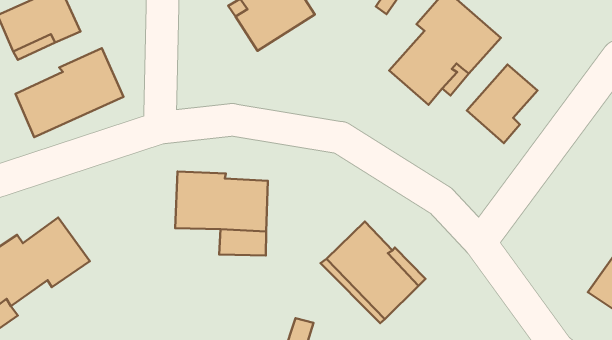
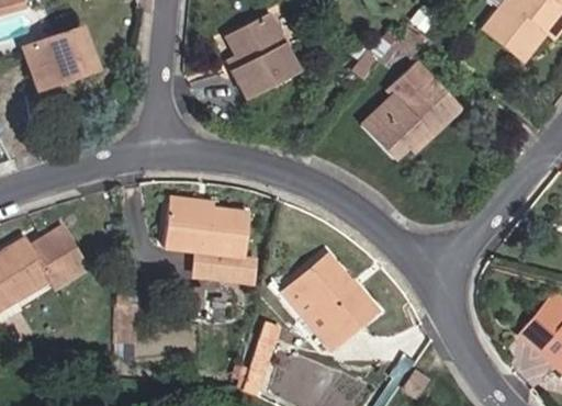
building: [15,48,123,137] -> none
building: [467,65,538,143] -> none

